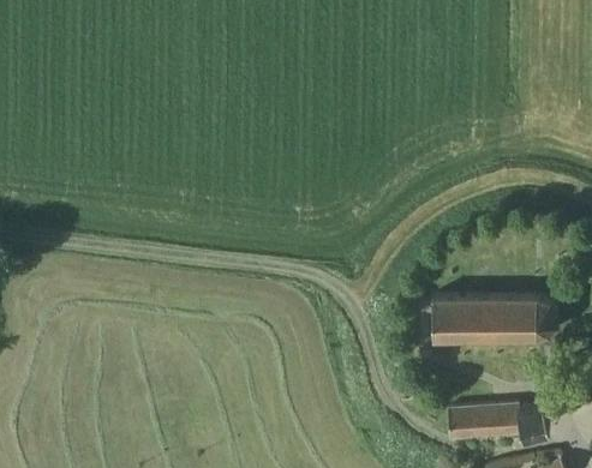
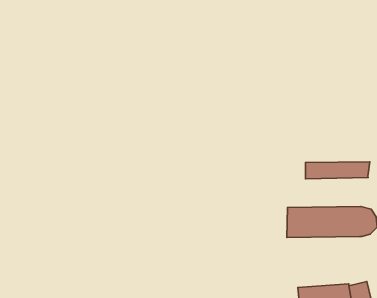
building: none -> [305,162,370,179]

